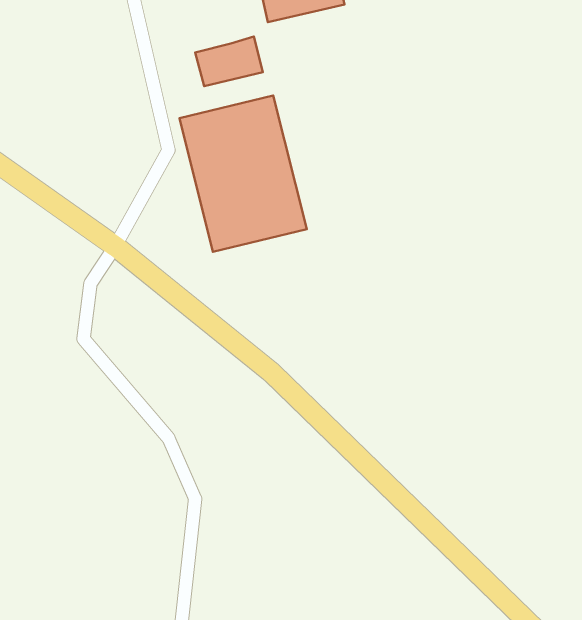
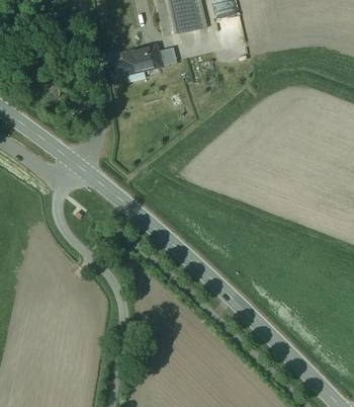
building: [179,95,307,252] -> none

